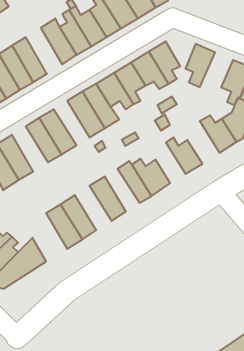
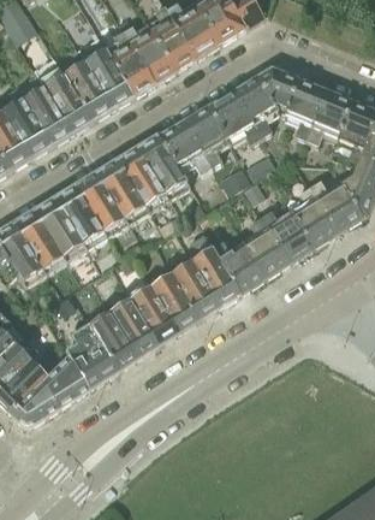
building: none -> [60,58,112,123]
building: none -> [258,70,300,116]
building: none -> [306,93,353,147]
building: none -> [100,161,150,224]
building: none -> [288,190,334,250]
building: none -> [41,197,91,261]
building: none -> [244,220,286,278]
building: none -> [172,258,221,318]
building: none -> [130,282,181,344]
building: none -> [70,320,119,389]

